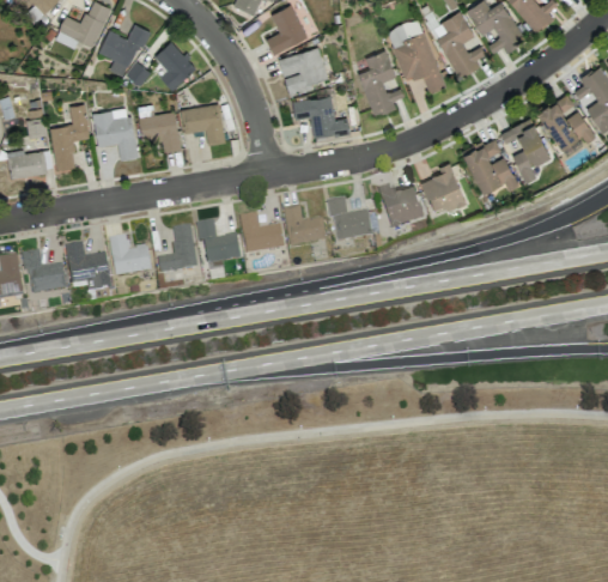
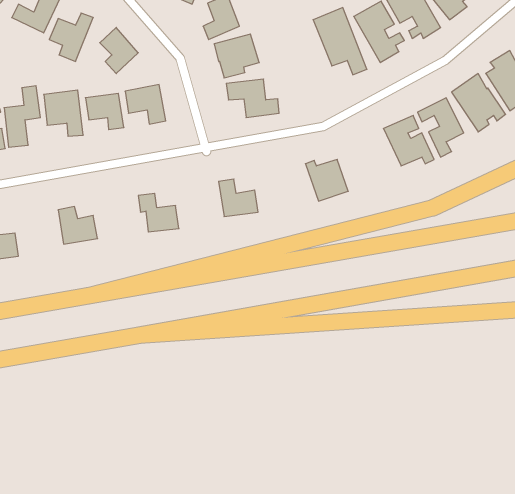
building: [358,50,405,116] -> none
building: [421,163,467,216] -> none
building: [330,198,372,242] -> none
building: [239,213,284,254] -> none
building: [158,225,196,273] -> none
building: [65,243,113,292] -> none

